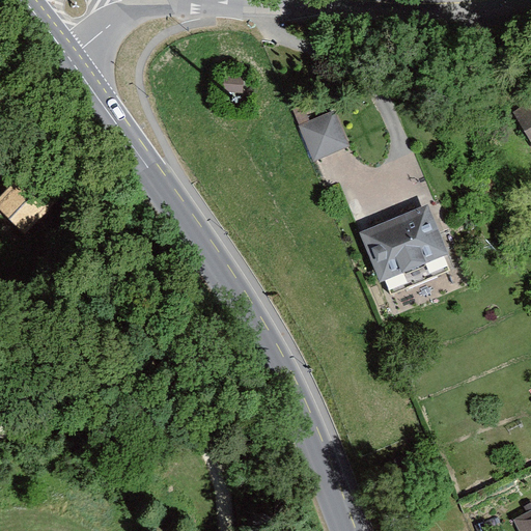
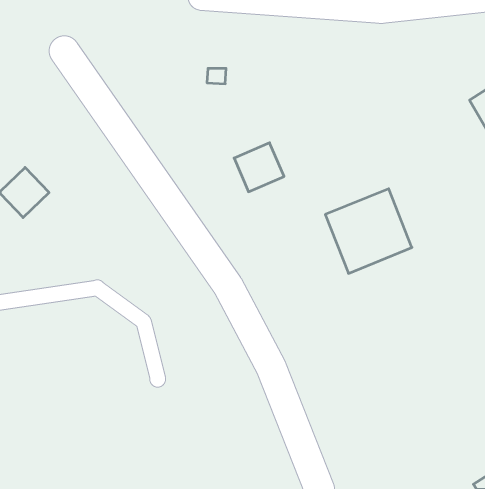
building: [294,108,347,161] -> [234,143,284,192]

